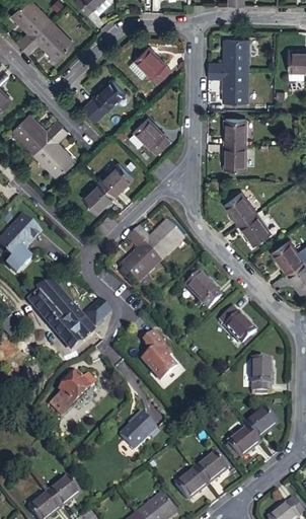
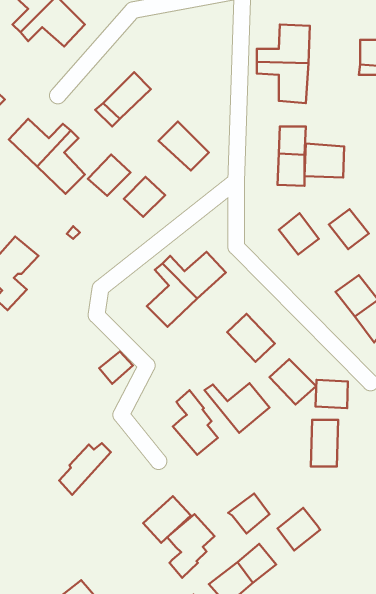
building: [131,50,173,87] -> none
building: none -> [305,143,344,178]
building: [86,179,120,212] -> [88,154,130,196]
building: [241,211,273,242] -> [329,209,369,249]
building: [28,279,92,347] -> none
building: none -> [316,380,348,408]
building: none -> [205,383,270,433]
building: [242,404,275,436] -> [228,493,270,534]
building: none -> [167,514,214,578]

